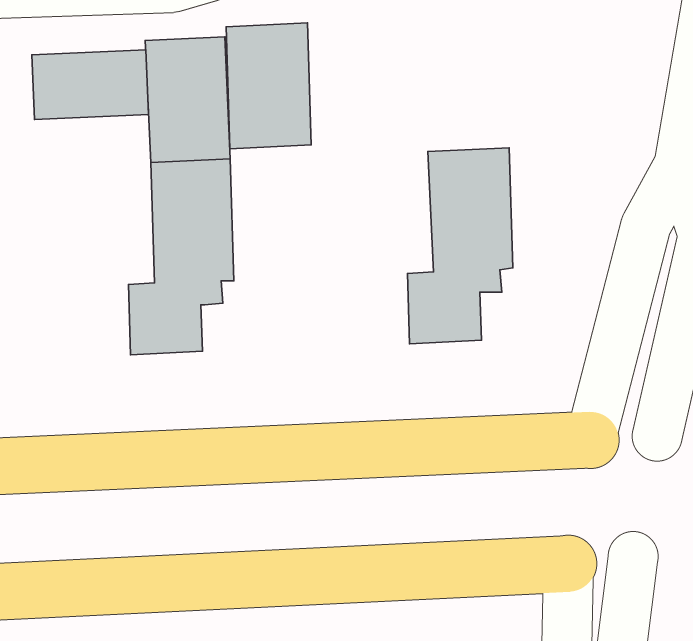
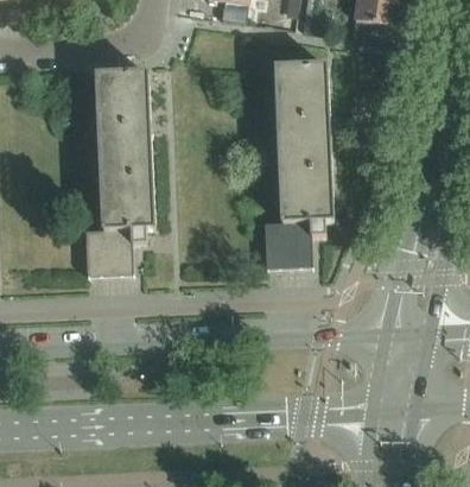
building: [226,23,311,149] -> [274,62,329,143]
building: [32,50,149,120] -> none

